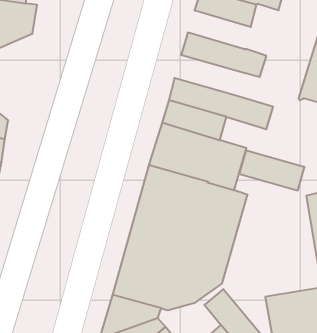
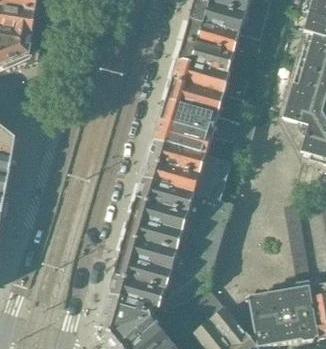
building: none -> [178,36,235,71]
building: [239,150,305,190] -> [166,76,225,112]

